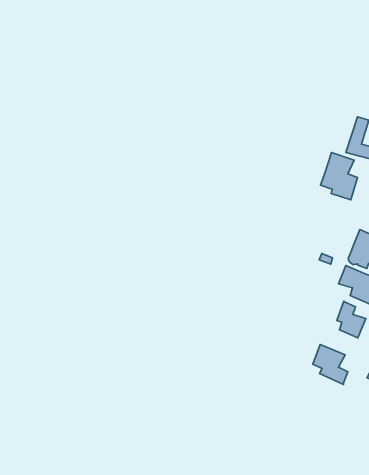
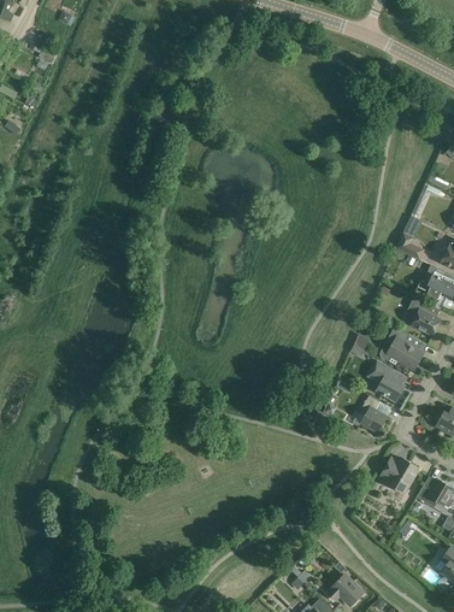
building: [321,153,357,200] -> none
building: [313,344,348,385] -> none

